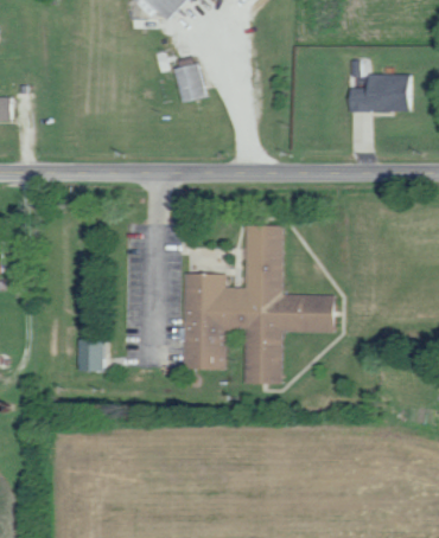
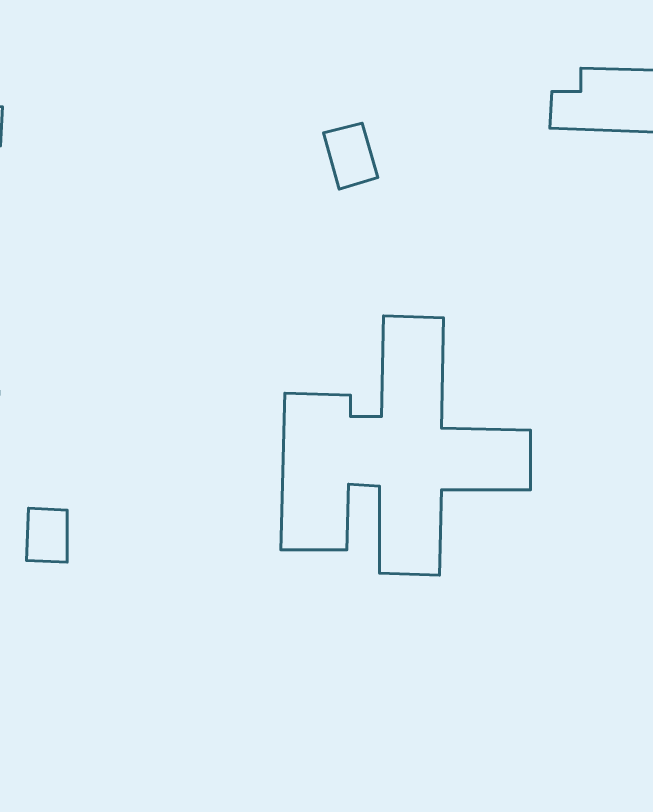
building: [173,63,206,103] -> [324,123,378,189]
building: [79,339,104,372] -> [26,508,67,562]

